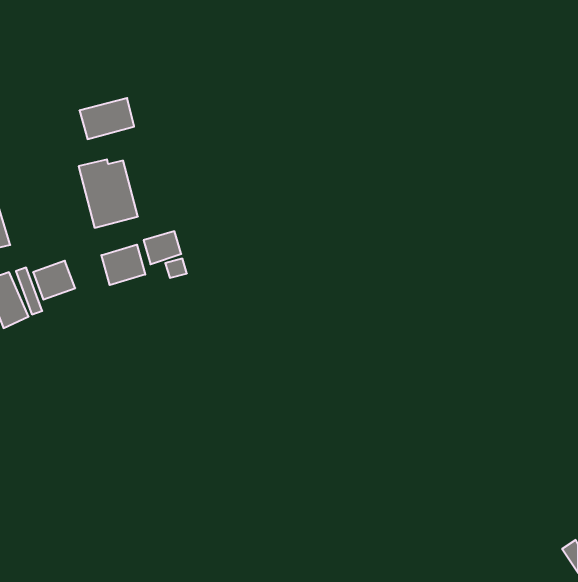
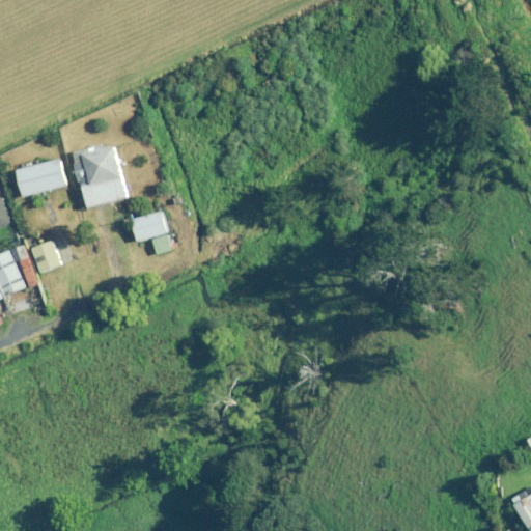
building: [79,98,134,139] -> [17,159,66,196]
building: [101,245,145,285] -> none

